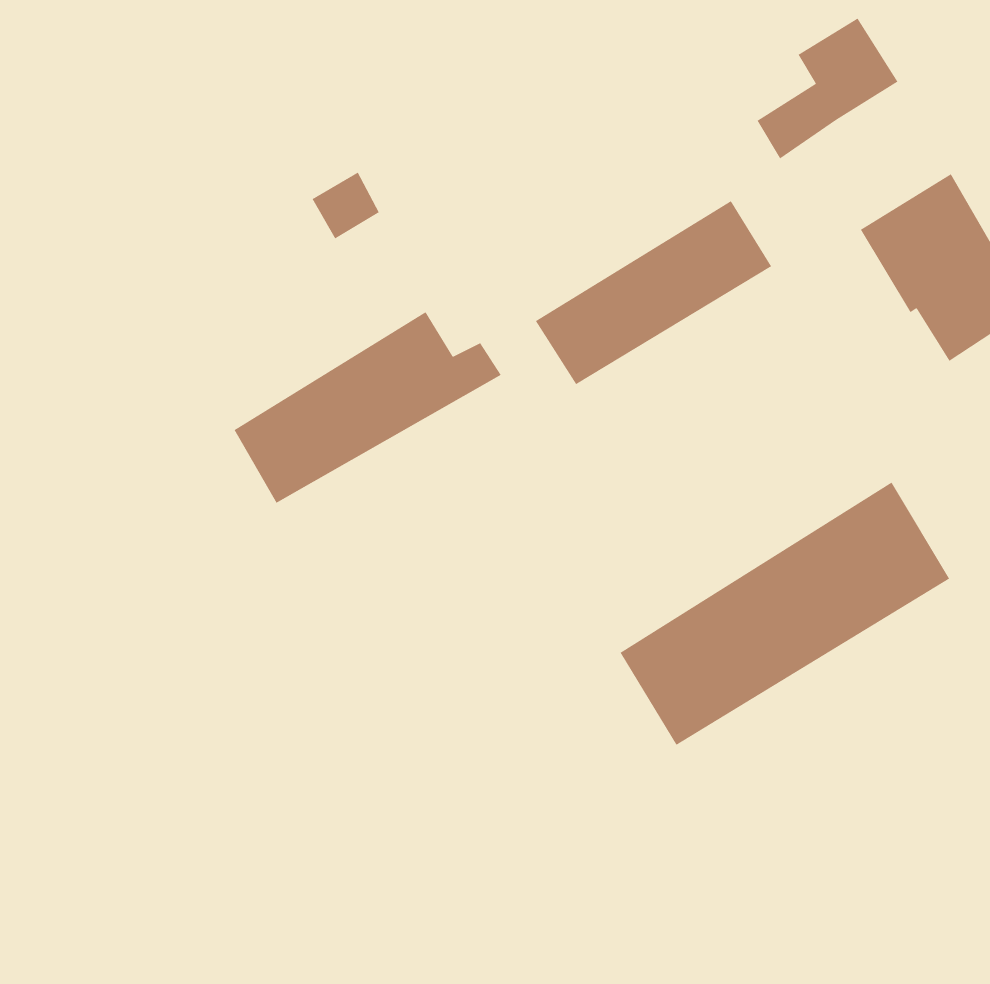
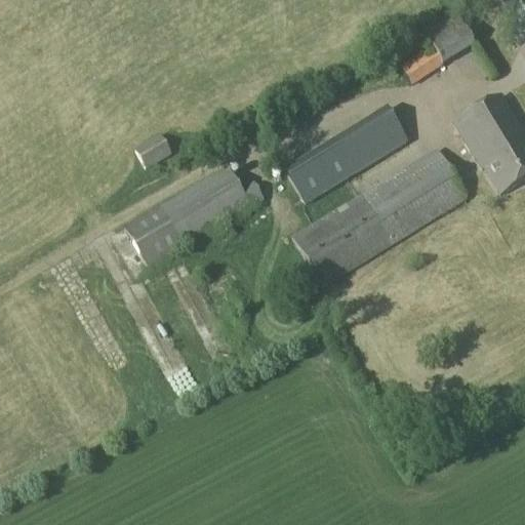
building: [312,172,380,240] -> [135,132,171,168]
building: [620,481,950,746] -> [293,146,468,285]

